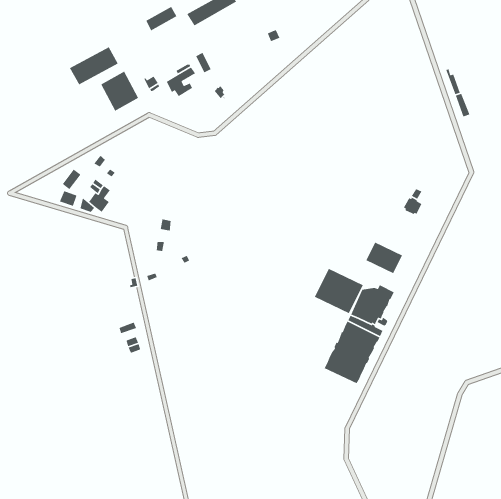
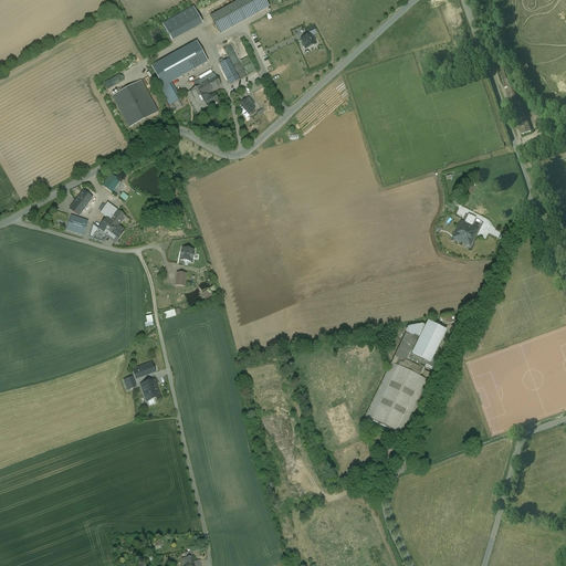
building: [69,46,119,85] -> [151,41,208,85]
building: [365,242,403,274] -> none
building: [314,268,364,314] -> none

